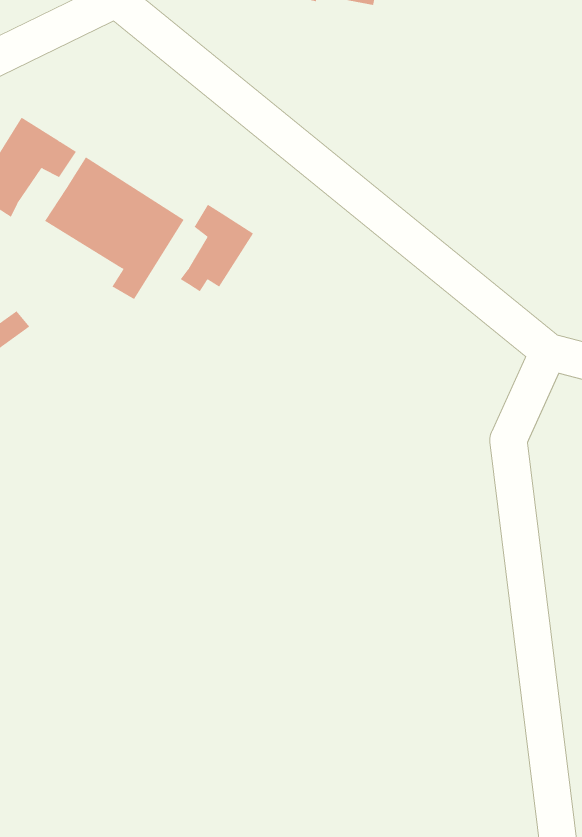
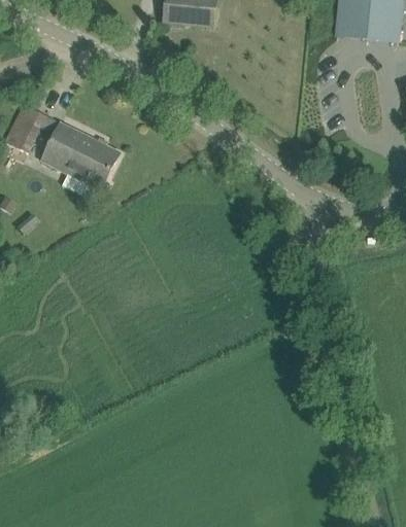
building: [180,204,254,292] -> none

